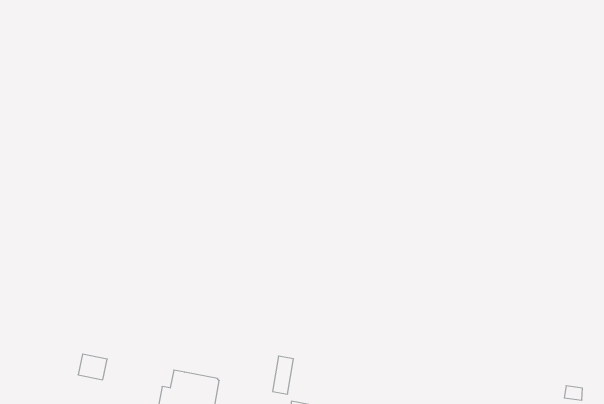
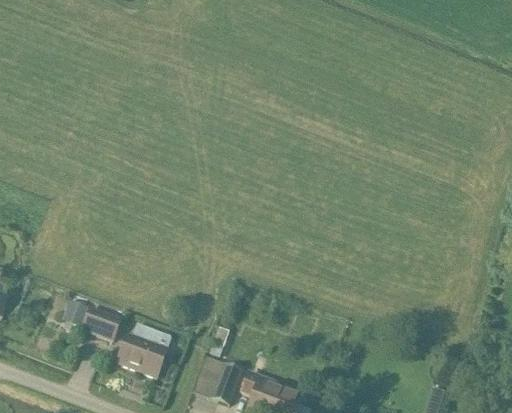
building: none -> [81,306,119,338]

